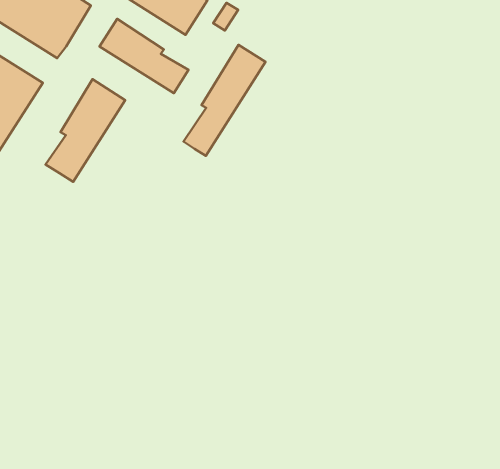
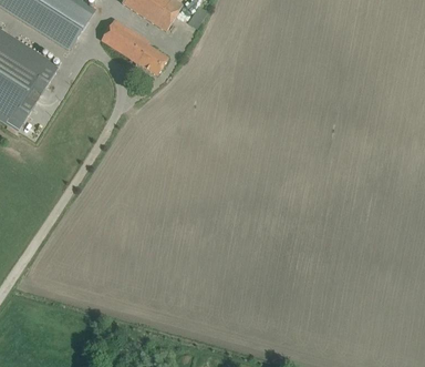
building: [183,45,266,156] -> none
building: [46,79,125,182] -> none

